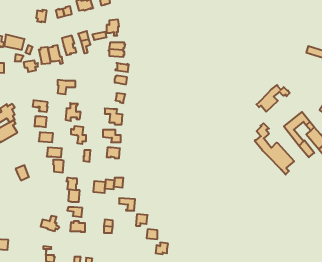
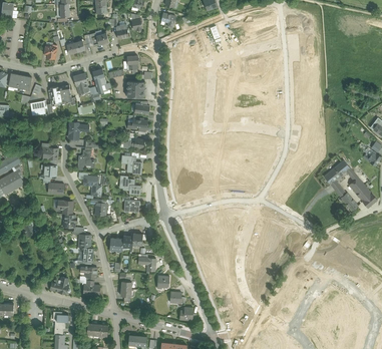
building: [256,85,290,112] -> none
building: [255,123,294,175] -> none

